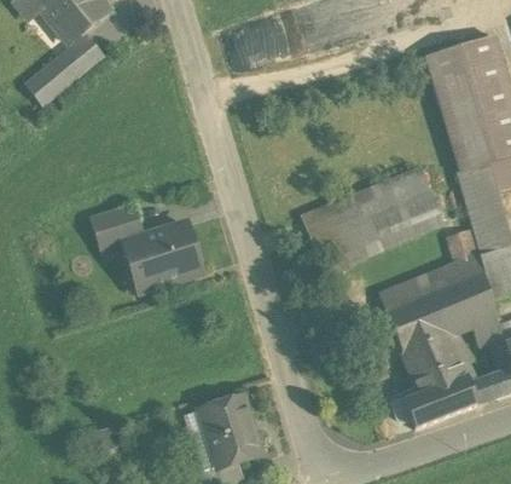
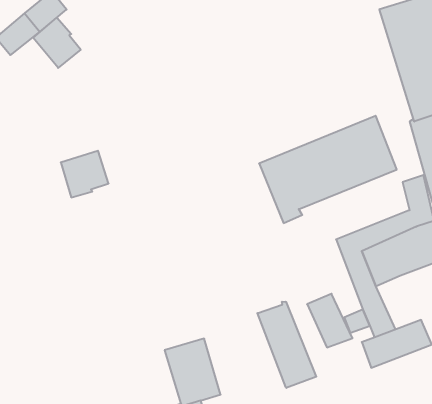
building: none -> [33,18,81,68]
building: [126,220,205,290] -> none
building: [420,330,468,386] -> [307,294,353,347]
building: none -> [257,302,316,388]

